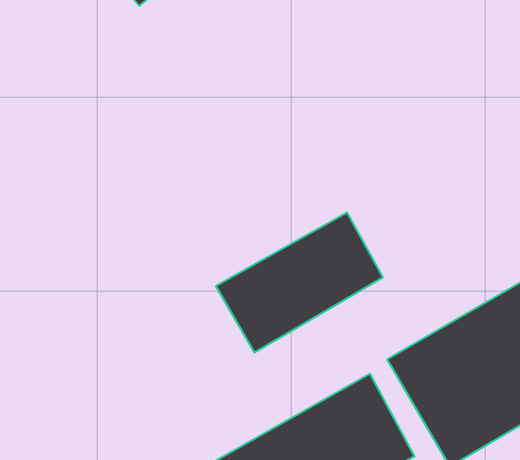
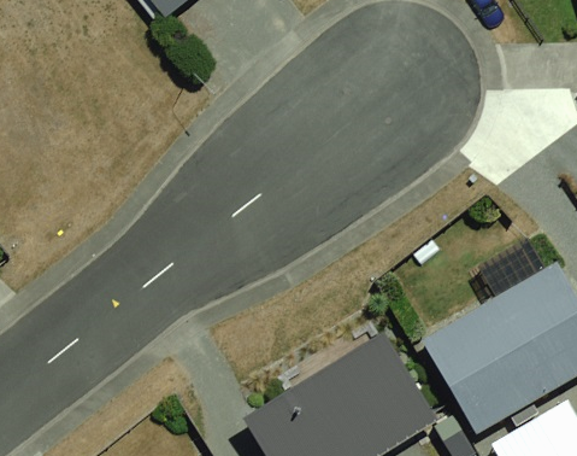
building: [216,212,383,353] -> none

